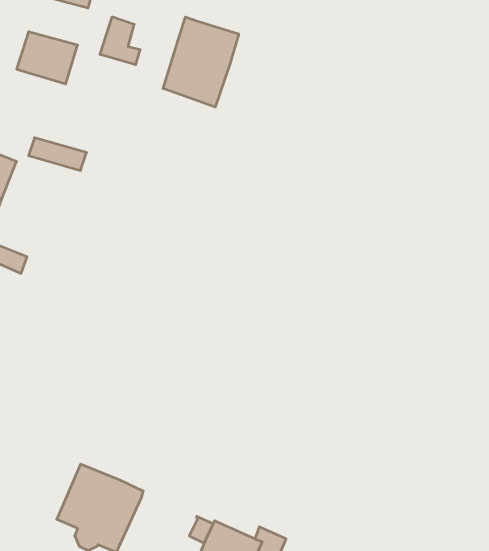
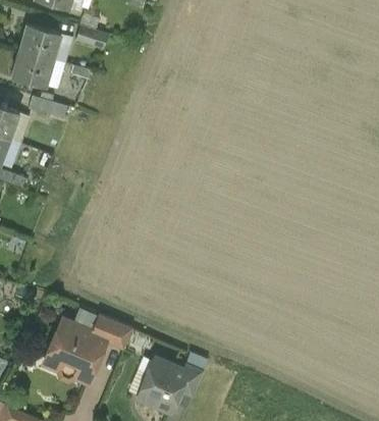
building: [163,17,239,107] -> none
building: none -> [12,50,53,87]
building: none -> [91,313,133,350]

